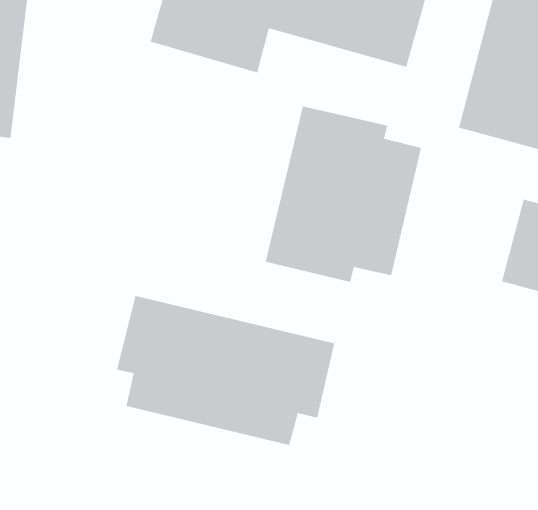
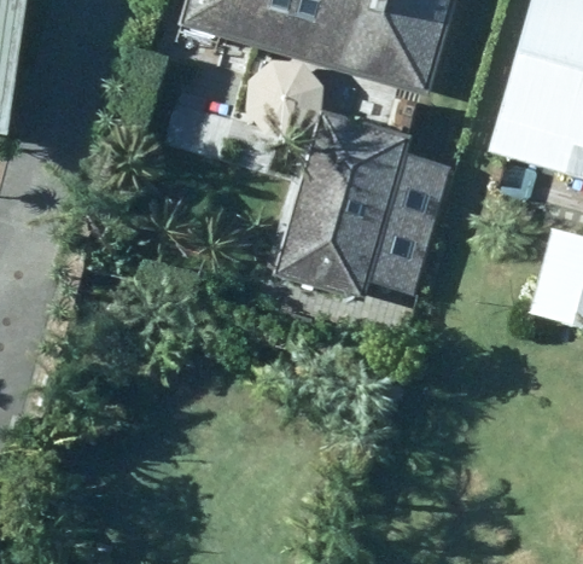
building: [116,295,335,446] -> none

